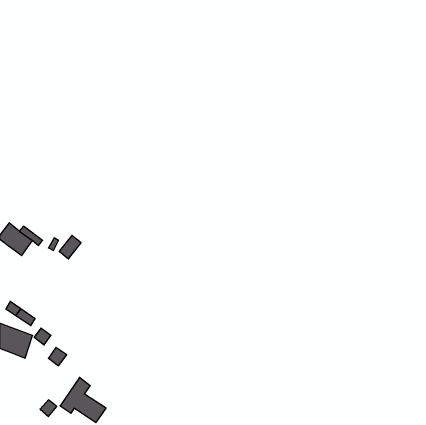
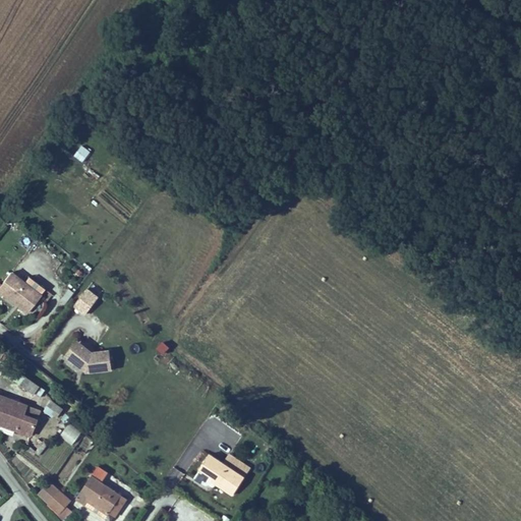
building: none -> [63,340,112,374]
building: none -> [198,455,250,498]

